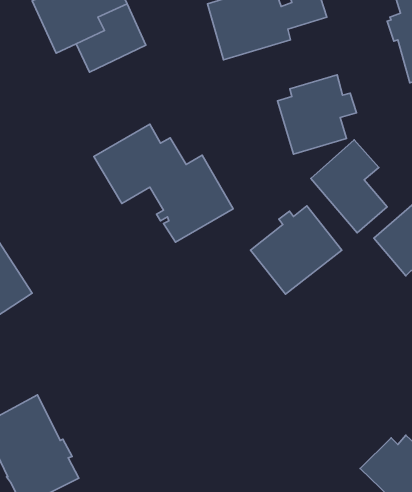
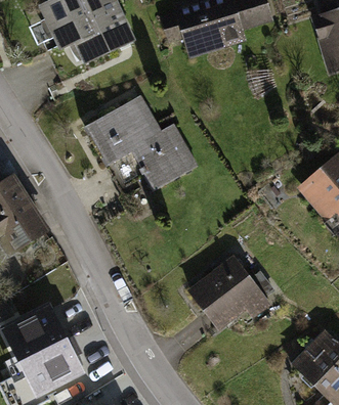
building: [278,75,357,154] -> none
building: [311,140,387,233] -> none
building: [251,206,342,294] -> [190,260,260,327]

